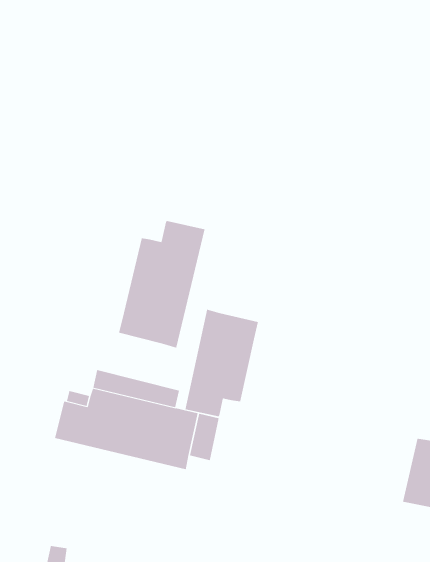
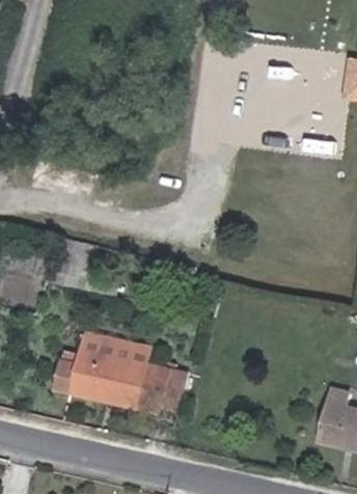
building: [118,220,205,349] -> none
building: [185,309,258,417] -> none

